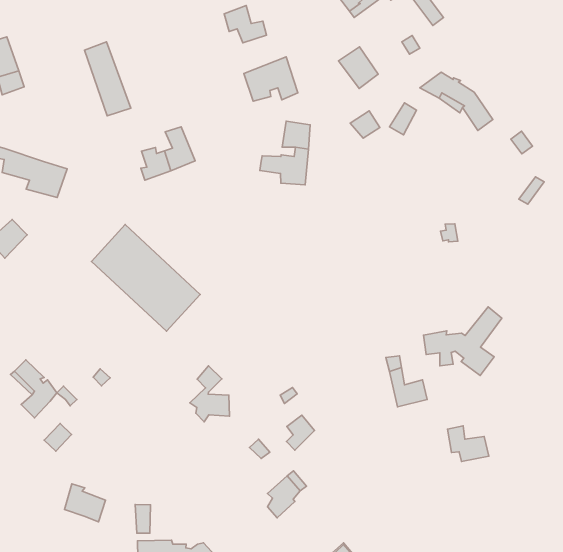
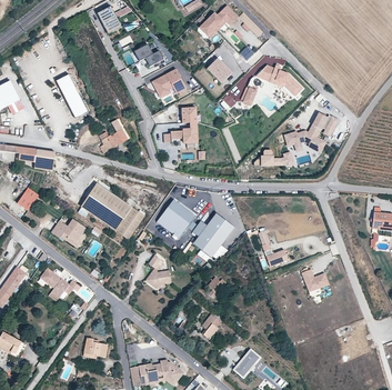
building: none -> [157,200,194,238]
building: none -> [50,218,84,247]
building: [423,307,502,376] -> [282,111,326,152]
building: none -> [191,212,232,256]

